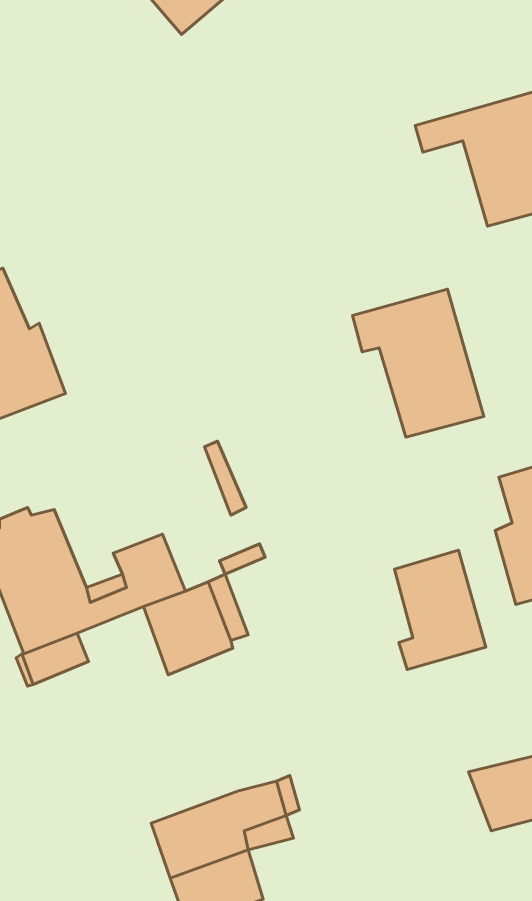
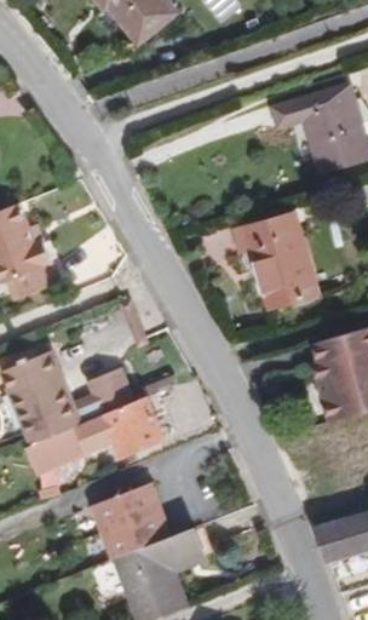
building: [394,550,486,670] -> none
building: none -> [93,481,166,555]

